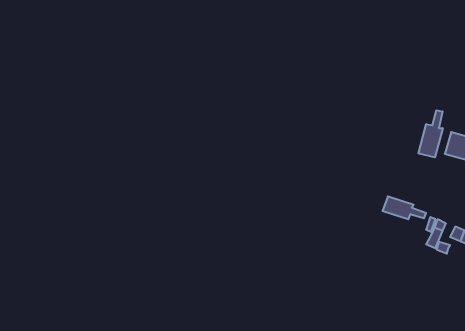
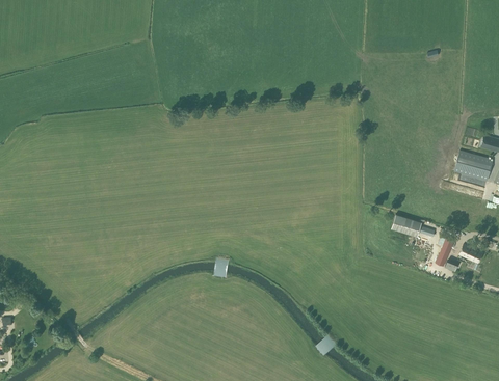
building: [418,110,443,157] -> none

